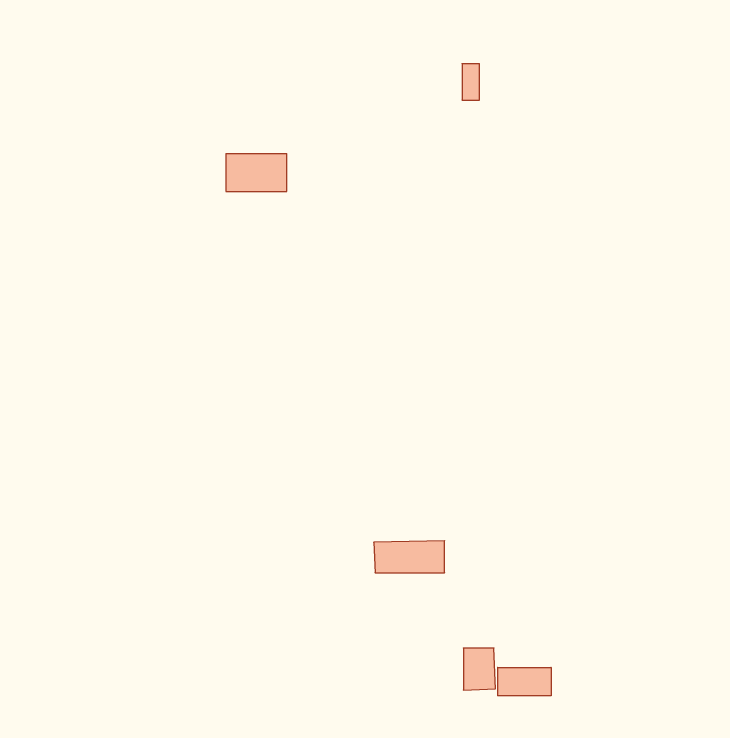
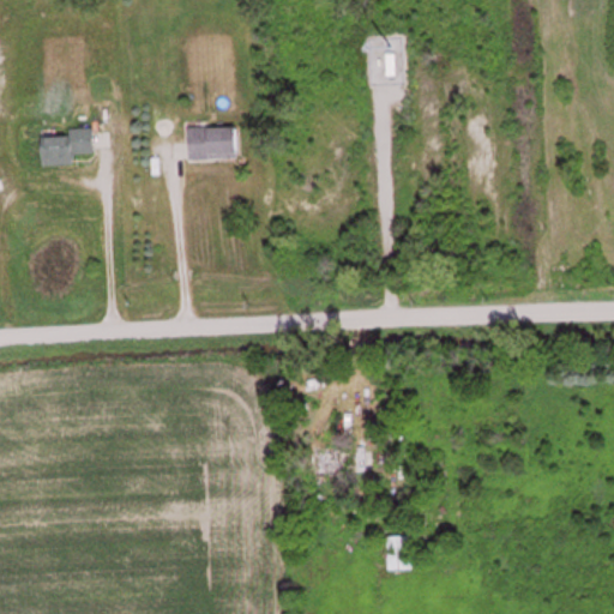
building: none -> [37,128,92,165]
building: [498,667,551,696] -> none

